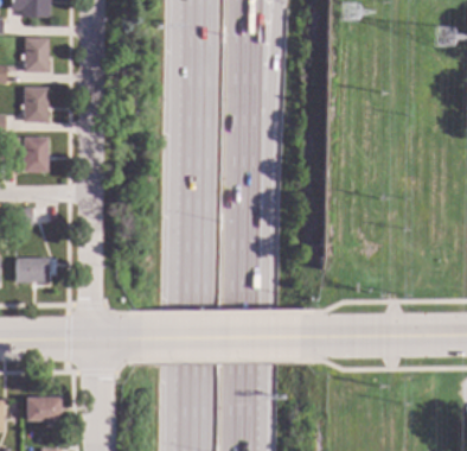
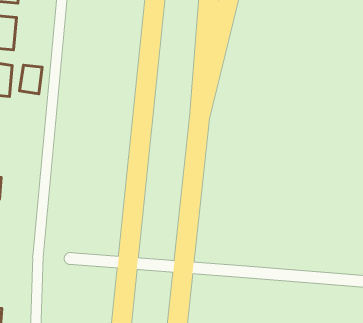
building: none -> [20,65,42,94]

